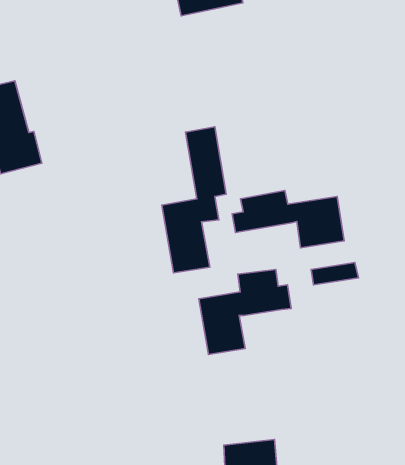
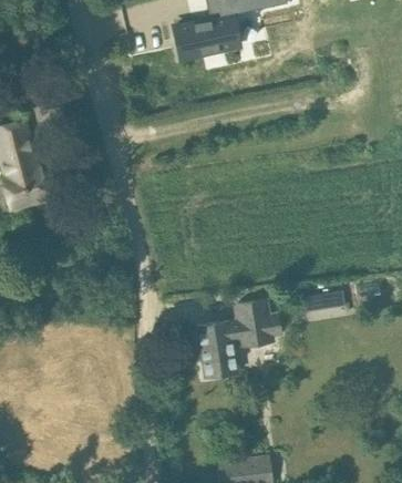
building: [162,127,226,273] -> none
building: [232,190,344,248] -> none

